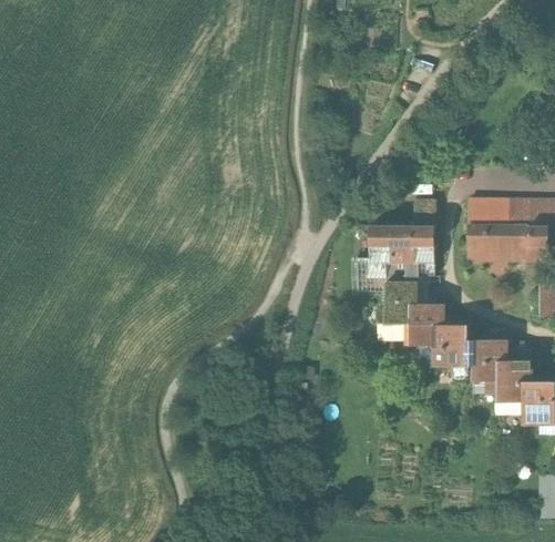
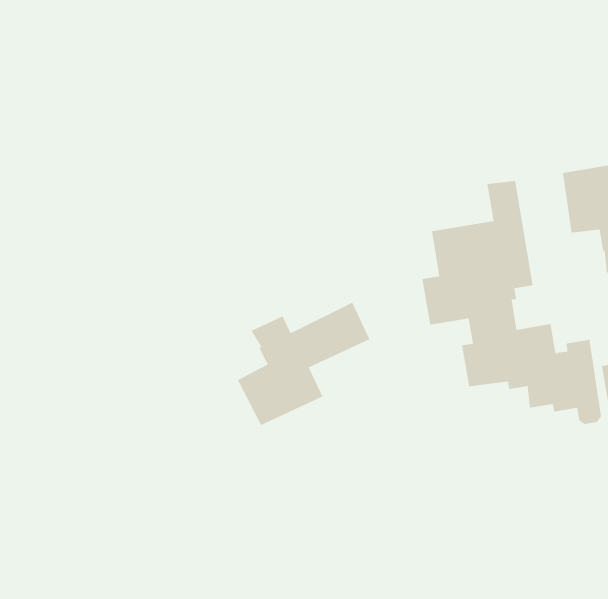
building: none -> [237,302,370,426]

